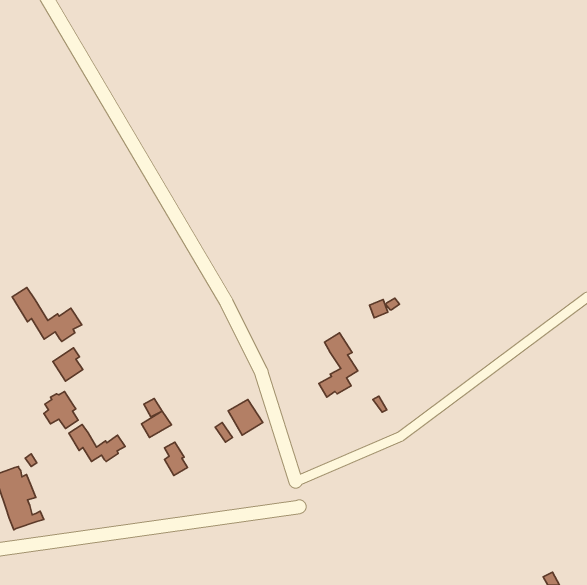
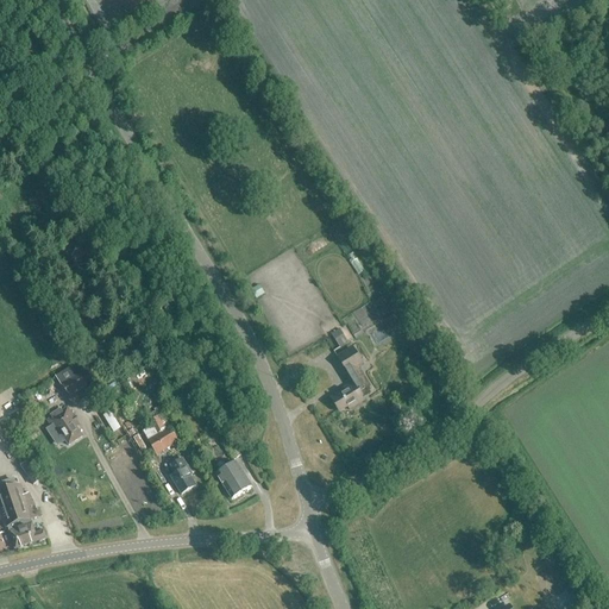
building: [12,288,82,342] -> none
building: [228,399,263,435] -> [214,460,250,497]
building: [69,425,125,462] -> none

